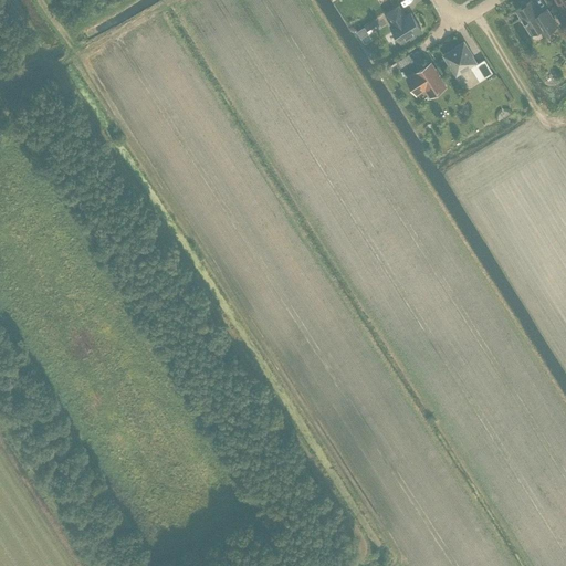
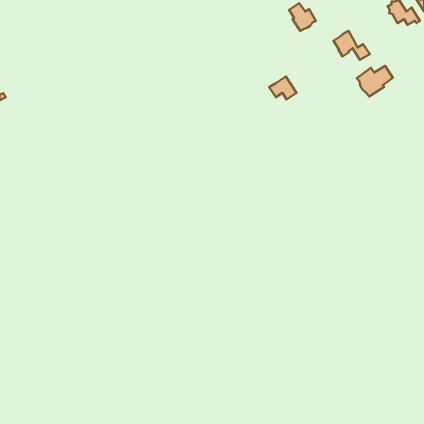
building: [407,63,443,94] -> [269,76,297,100]
building: none -> [357,66,393,97]

